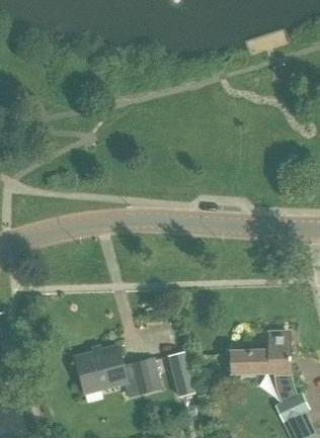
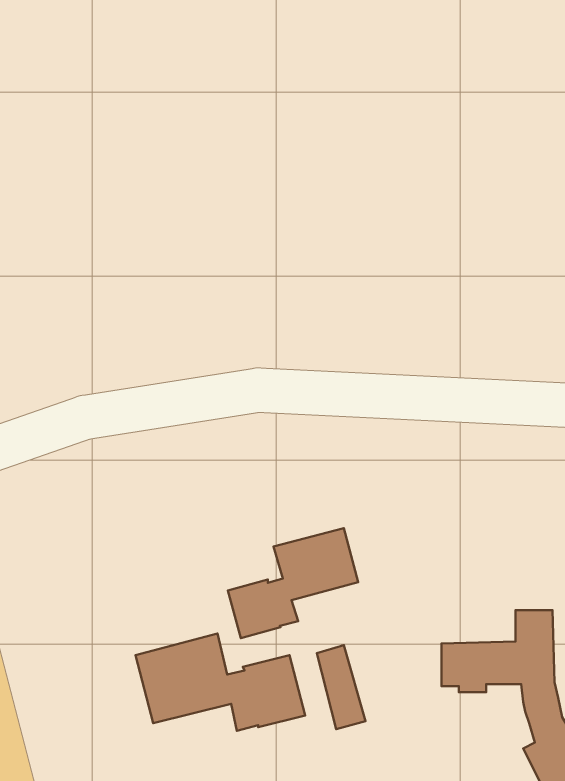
building: none -> [228,528,358,638]

